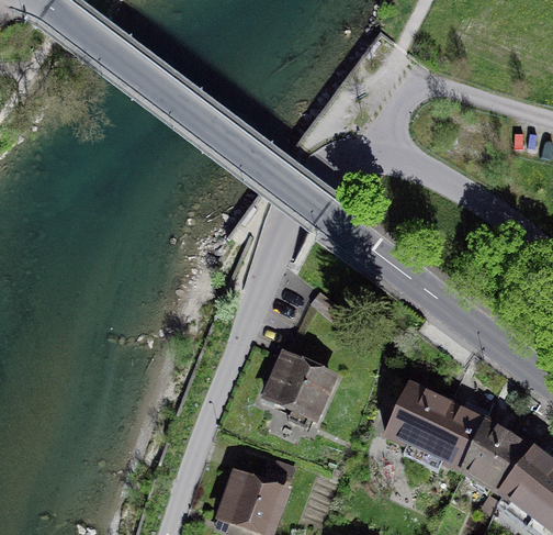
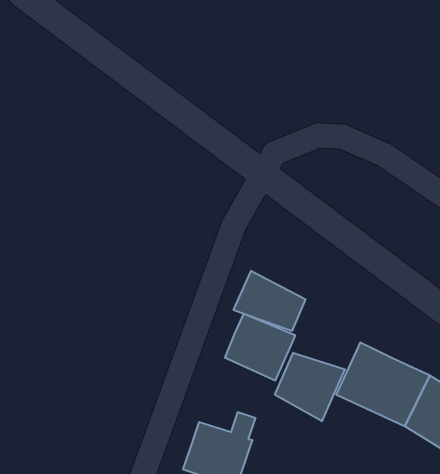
building: none -> [234,271,305,331]
building: none -> [275,353,345,421]

